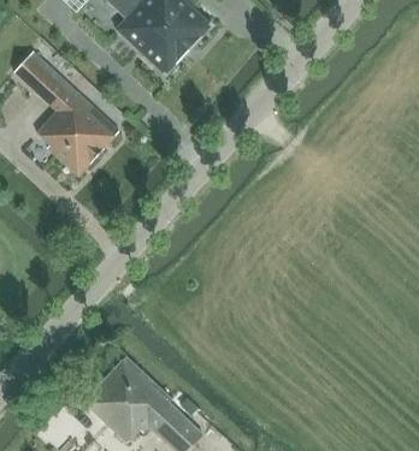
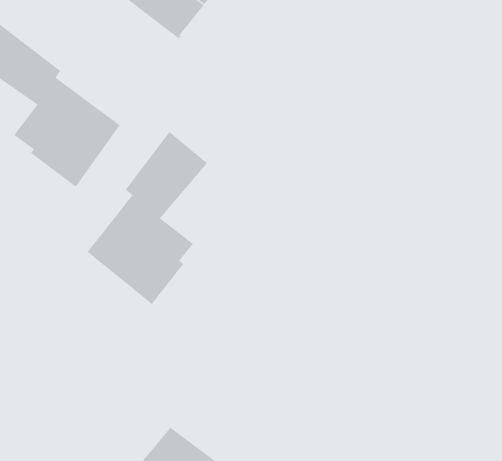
building: none -> [87,131,208,305]

